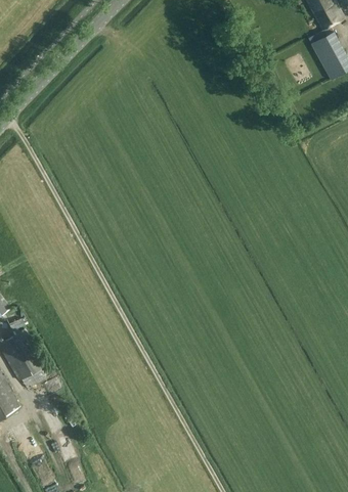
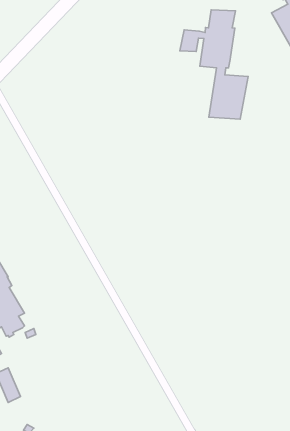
building: none -> [180,10,248,119]

